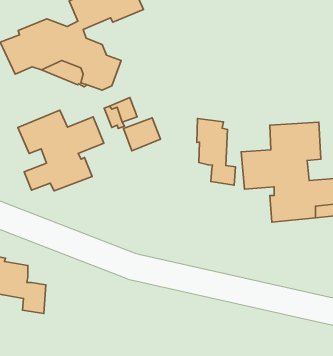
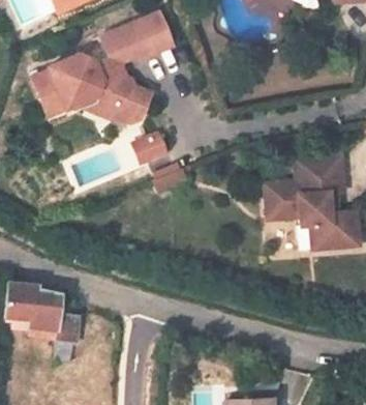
building: [18,110,104,191] -> none
building: [197,118,235,185] -> none

